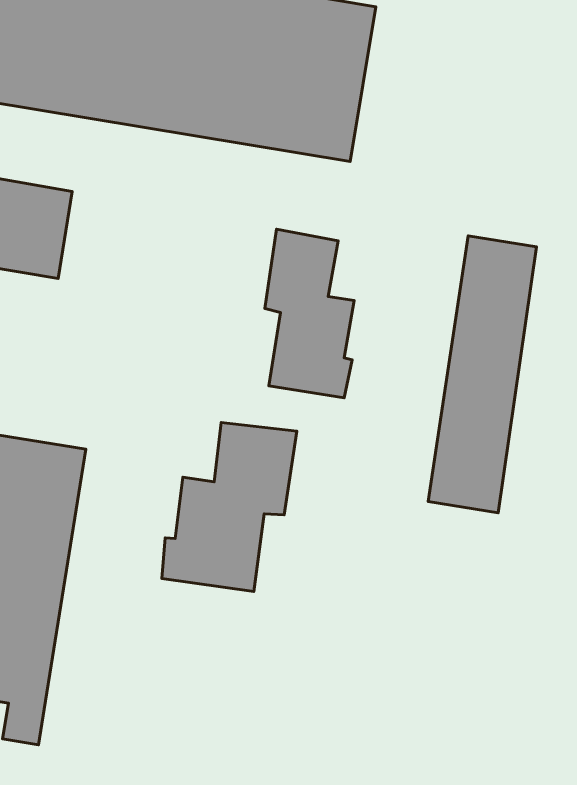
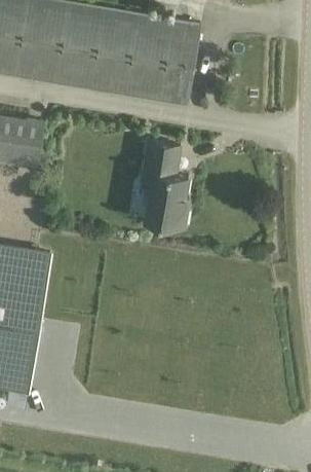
building: [428,236,537,513] -> none
building: [162,423,297,592] -> none

